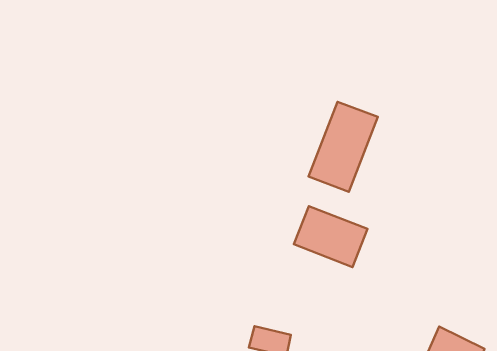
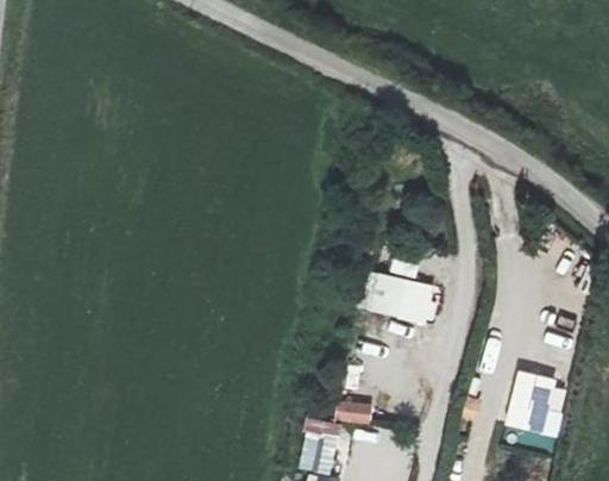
building: [308,102,378,192] -> none

